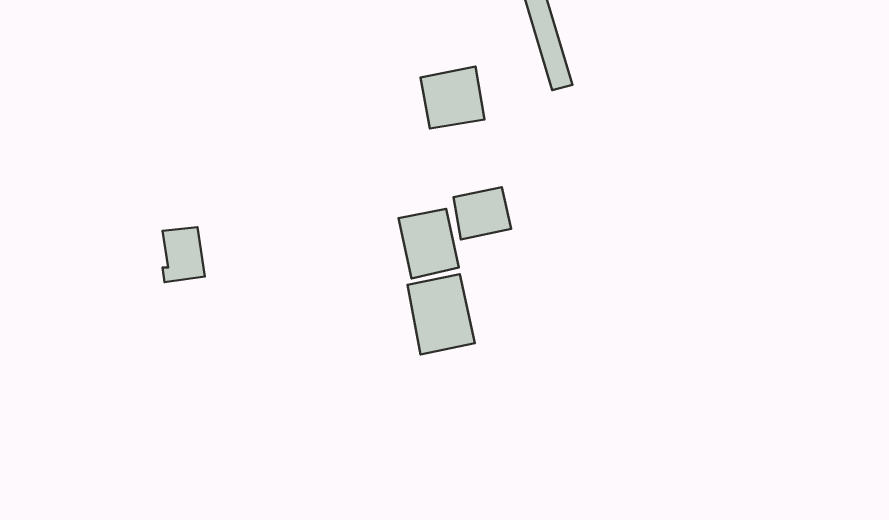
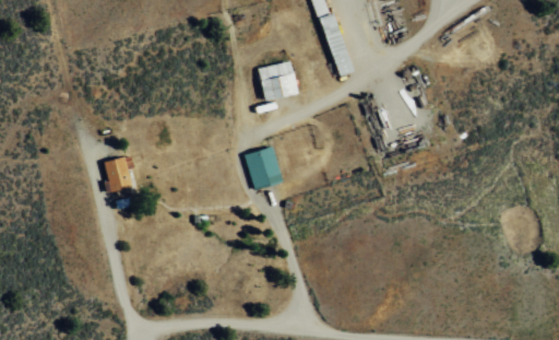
building: [453,187,511,239] -> none
building: [407,274,475,355] -> none

